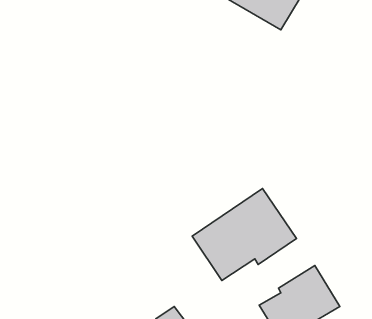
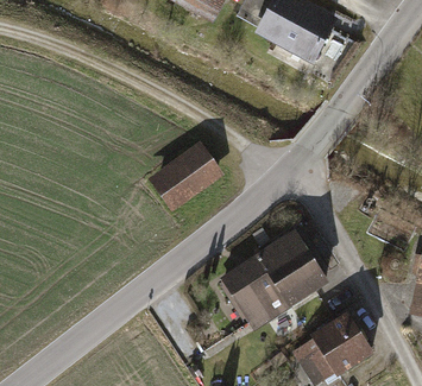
building: none -> [151,146,225,214]

